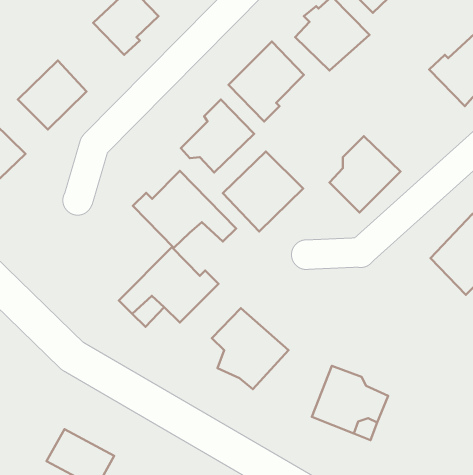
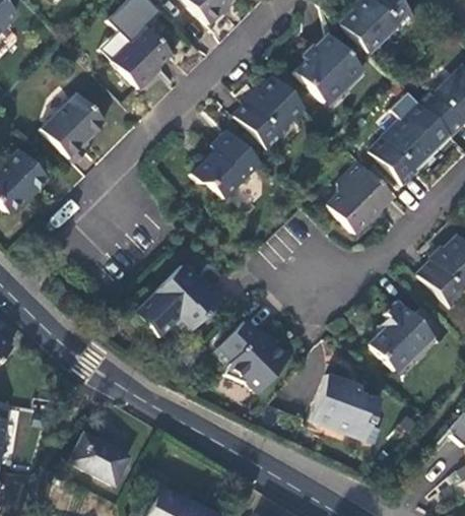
building: none -> [372,115,437,183]
building: [223,151,303,231] -> none
building: [133,171,236,248] -> none
building: none -> [370,298,453,370]

